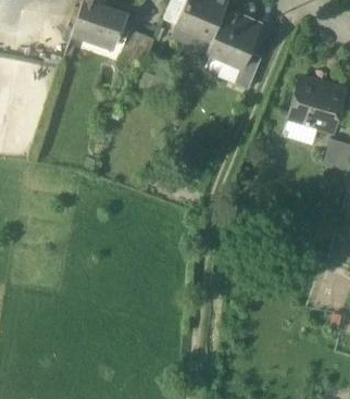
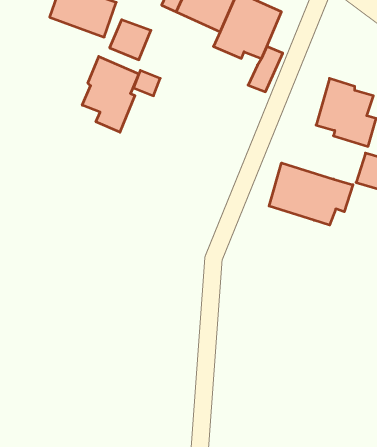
building: none -> [82,56,139,132]
building: none -> [269,163,353,225]

